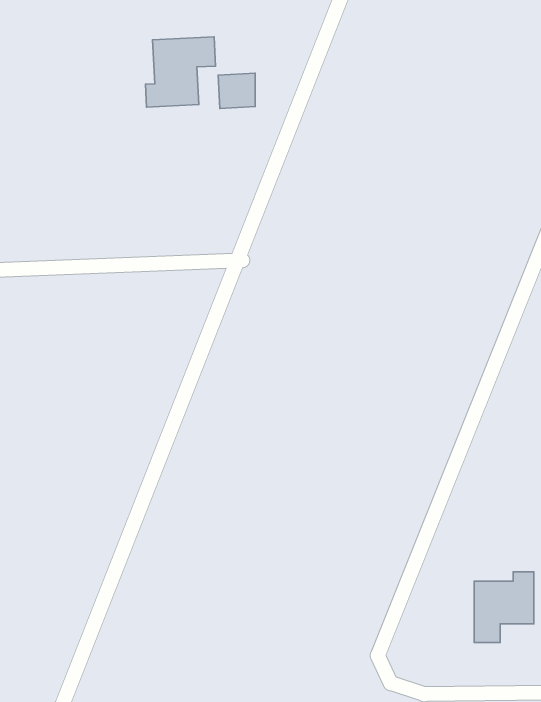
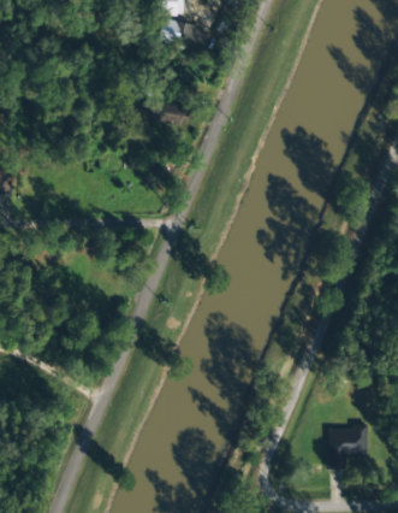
building: [145,37,216,107] -> none

